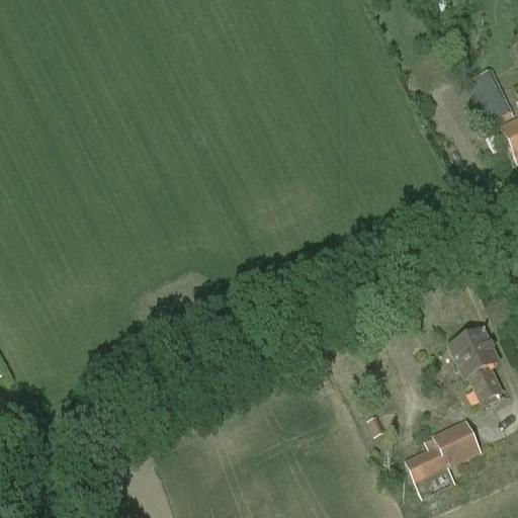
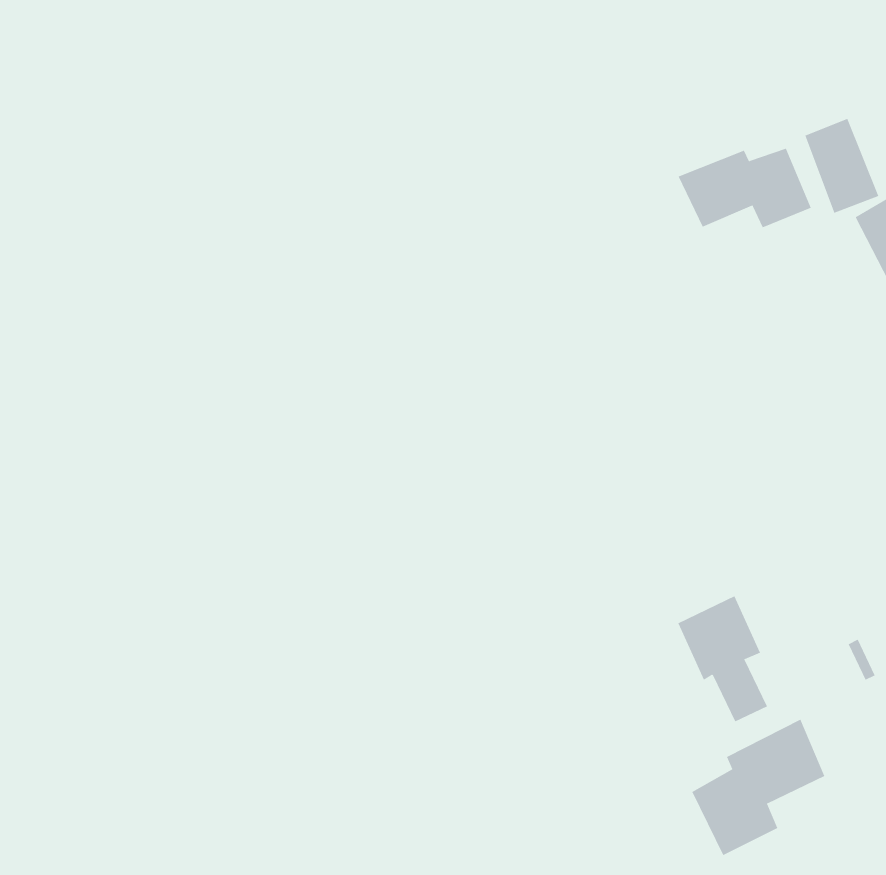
building: none -> [678,148,811,228]
building: [449,330,502,404] -> [677,595,768,722]

